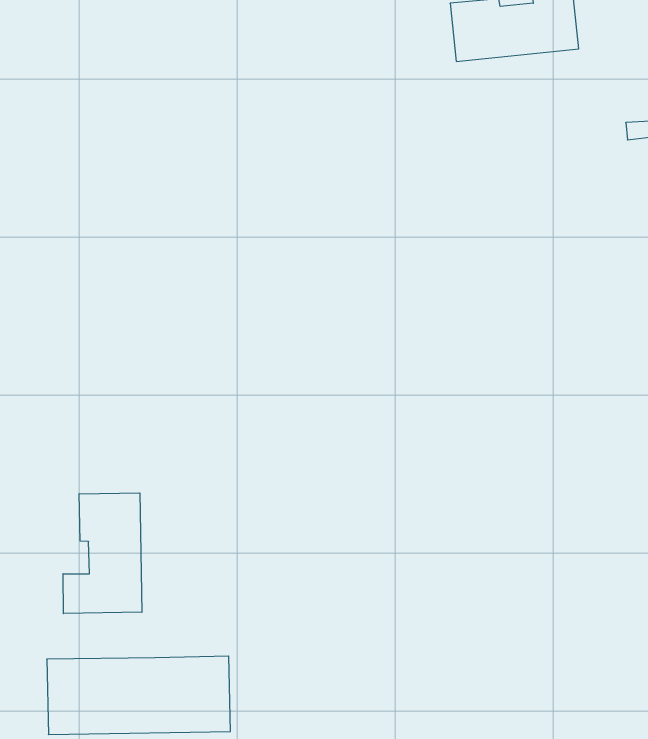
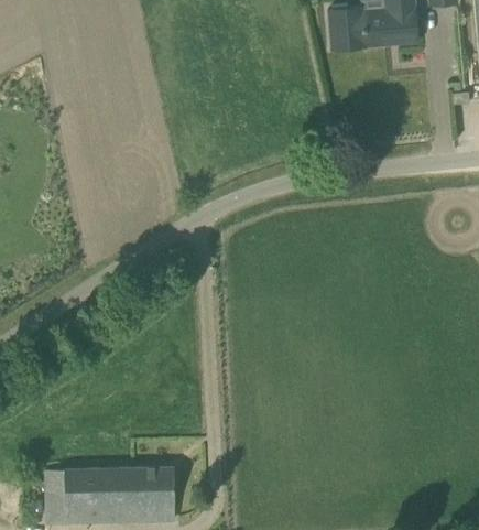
building: [63,493,142,614] -> none

